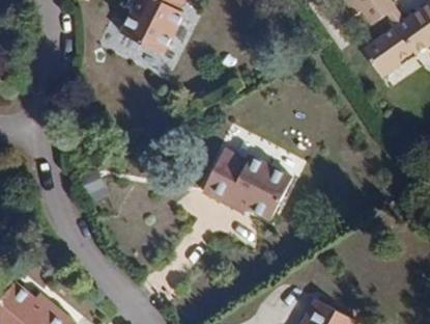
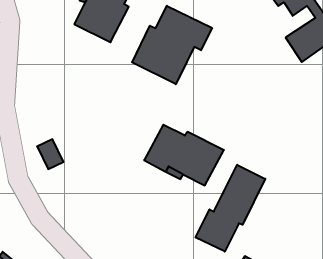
building: none -> [132,6,212,84]
building: none -> [196,165,265,252]

